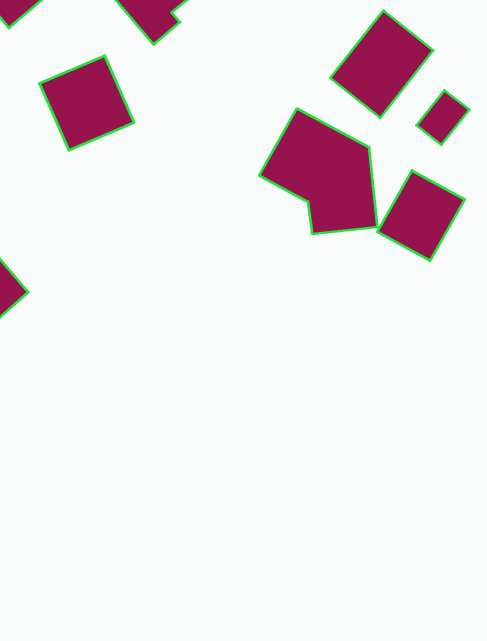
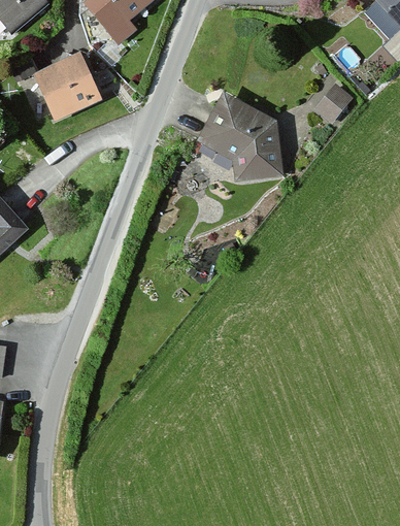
building: [330,11,433,118] -> none
building: [377,170,465,261] -> none

